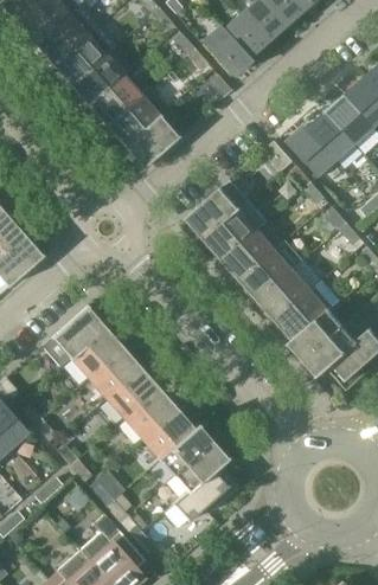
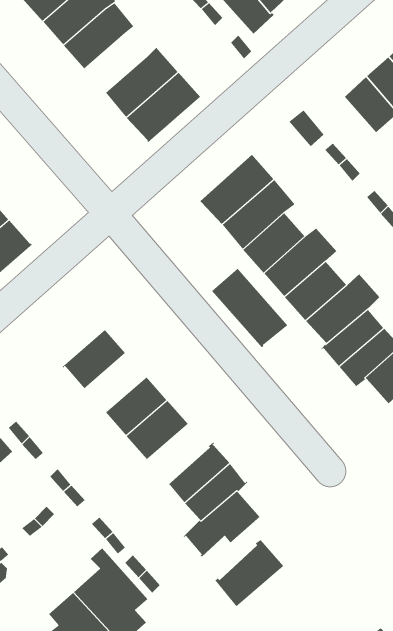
building: [87,75,140,126] -> none
building: [288,124,335,174] -> none
building: none -> [211,268,288,348]
building: [40,304,104,367] -> none
building: [87,347,140,398] -> none
building: [140,407,193,459] -> none
building: none -> [214,539,284,607]

